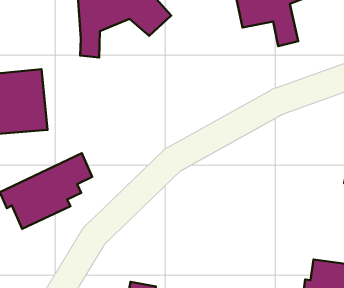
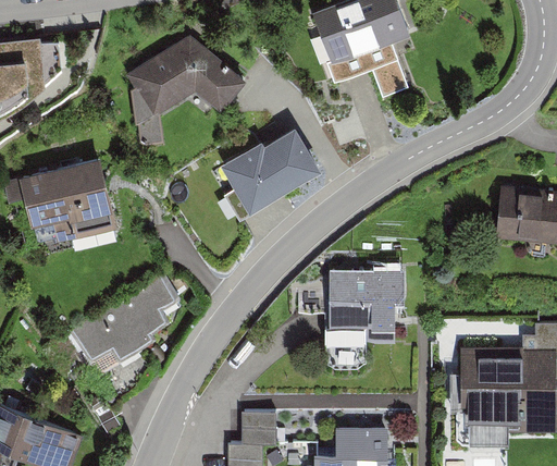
building: none -> [219,126,320,218]
building: none -> [325,268,407,345]

